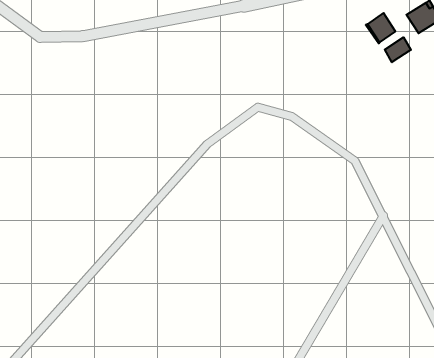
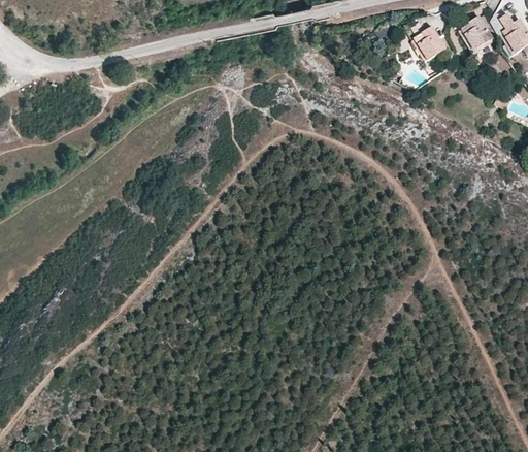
building: [385,37,411,62] -> none

